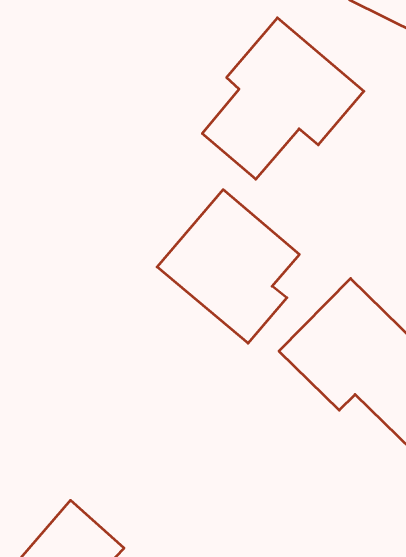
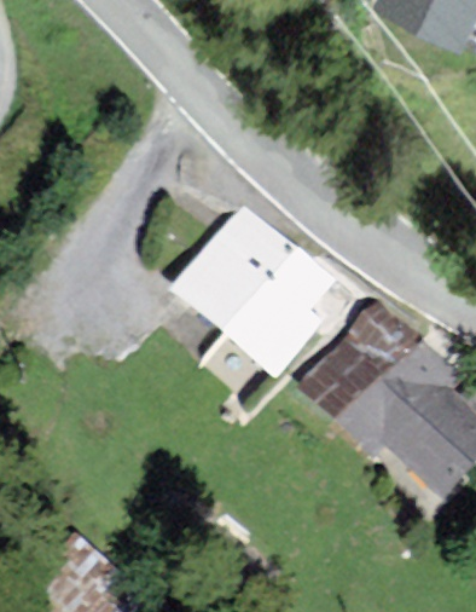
building: [202,18,364,179] -> none

